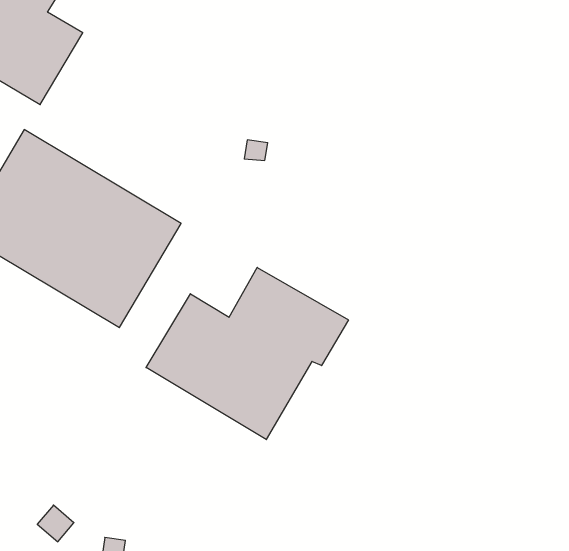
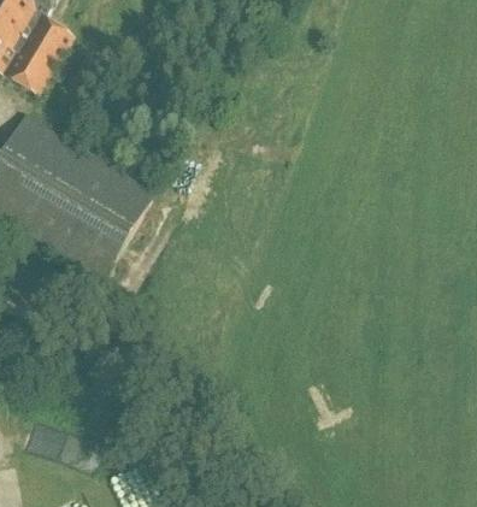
building: [146,267,348,440] -> none

